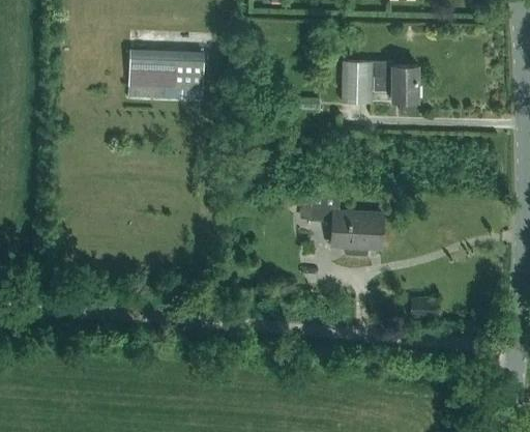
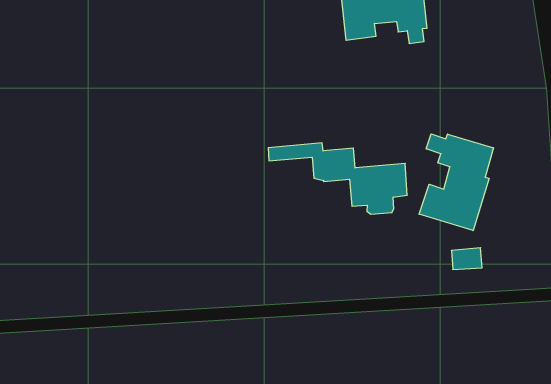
building: [129,54,204,88] -> none
building: none -> [419,134,493,231]

